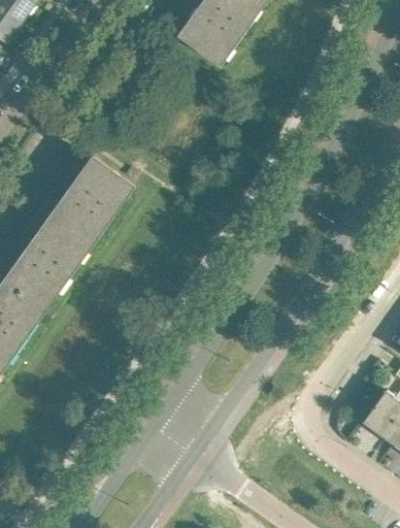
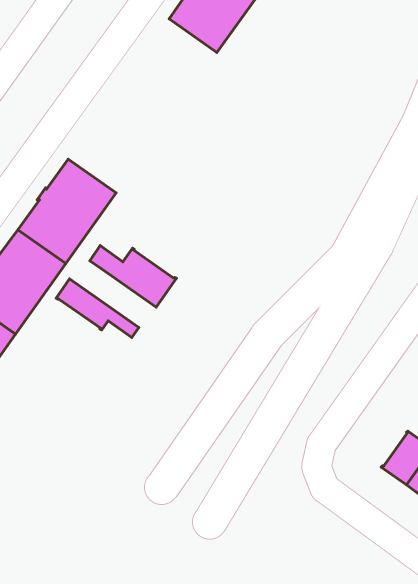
building: none -> [90,246,176,307]
building: none -> [56,279,139,338]

